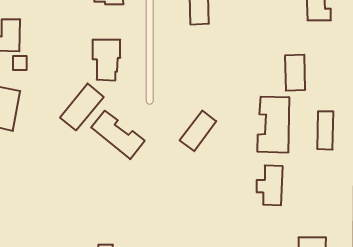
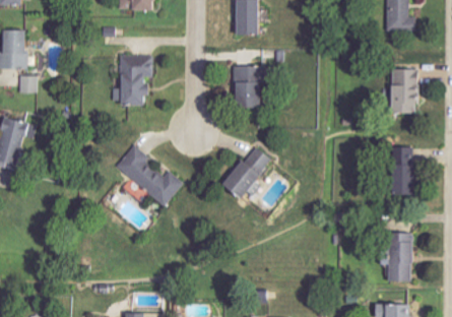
building: none -> [234,67,263,109]
building: [285,55,305,91] -> [393,70,418,115]
building: [60,83,104,130] -> none
building: [257,97,289,153] -> none
building: [257,165,283,205] -> [380,232,412,281]

